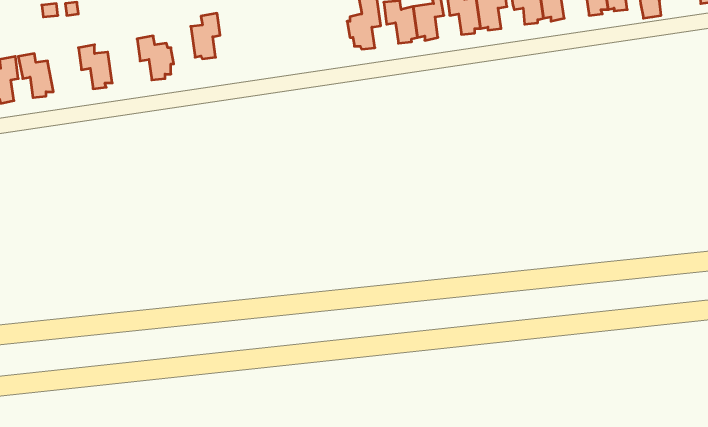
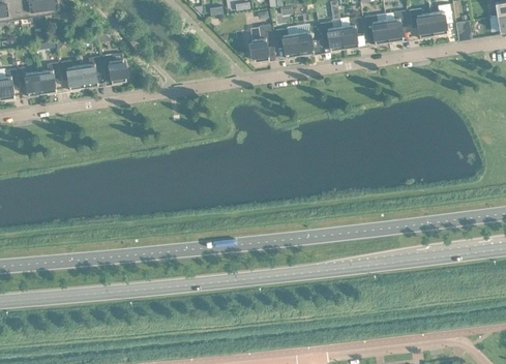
building: [191,13,220,59] -> [80,55,100,87]
building: none -> [37,61,59,94]

